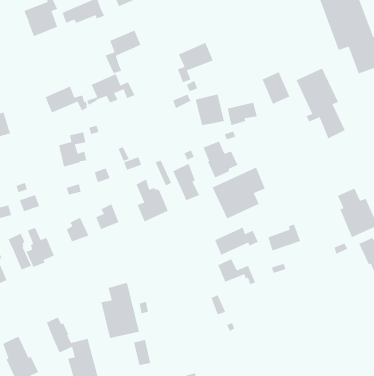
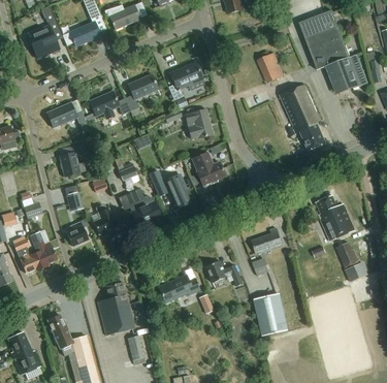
building: [105,29,141,74] -> [124,73,158,115]
building: [261,71,291,105] -> [257,52,284,83]
building: [227,102,258,126] -> none
building: [211,167,266,220] -> none
building: [214,227,259,256] -> [159,275,200,301]
building: none -> [254,294,287,337]

